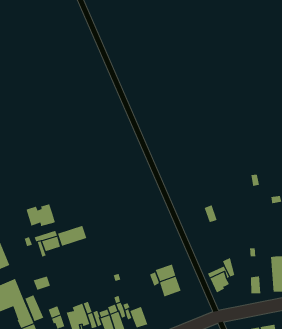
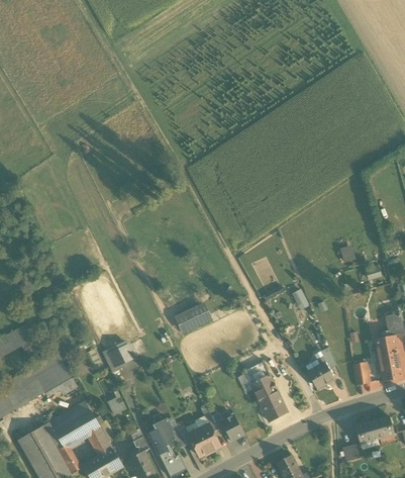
building: [26,203,55,227] -> none
building: [57,225,87,246] -> [176,305,211,332]
building: none -> [259,392,288,422]

